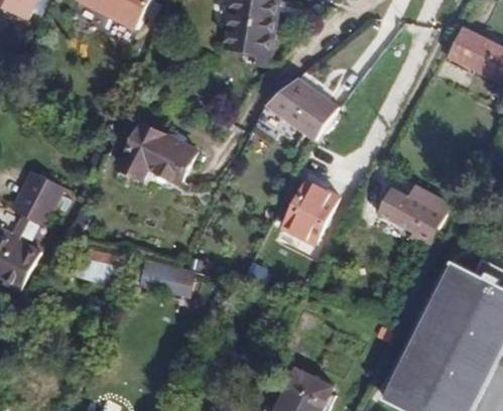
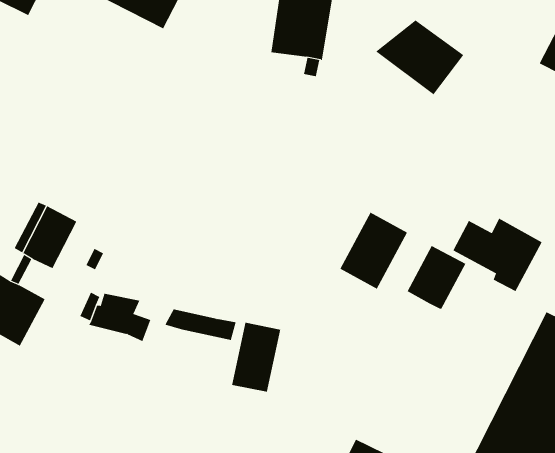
building: [264,78,338,140] -> [375,20,464,95]
building: [119,123,196,183] -> none
building: none -> [407,245,466,310]
building: none -> [232,322,281,393]

